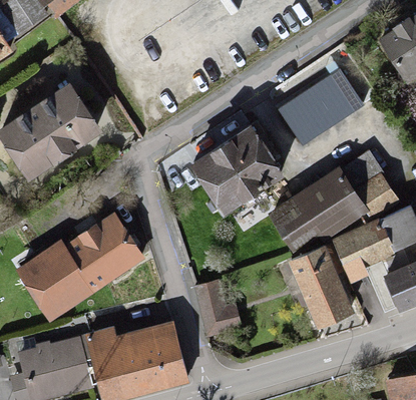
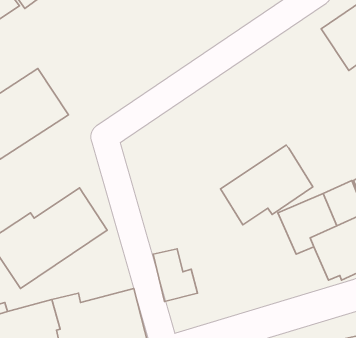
building: [279,68,365,146] -> none
building: [189,125,285,218] -> none
building: [342,151,398,215] -> none
building: [287,243,353,329] -> none

